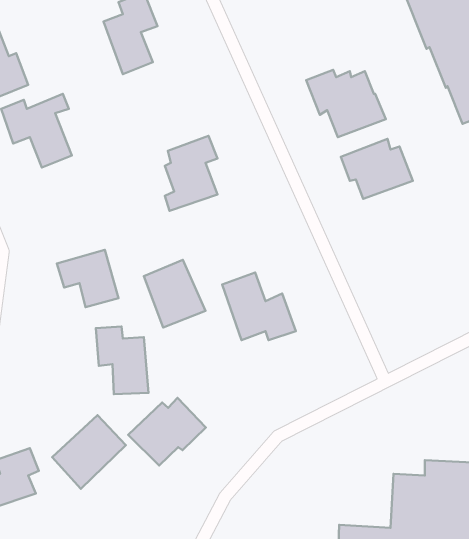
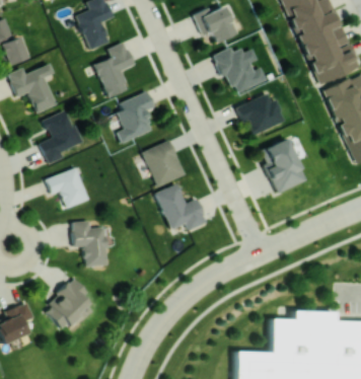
building: none -> [193,7,236,44]
building: none -> [94,42,134,98]
building: none -> [39,109,81,165]
building: none -> [258,139,305,194]
building: [144,260,205,327] -> [143,141,185,186]
building: [128,398,206,465] -> none

